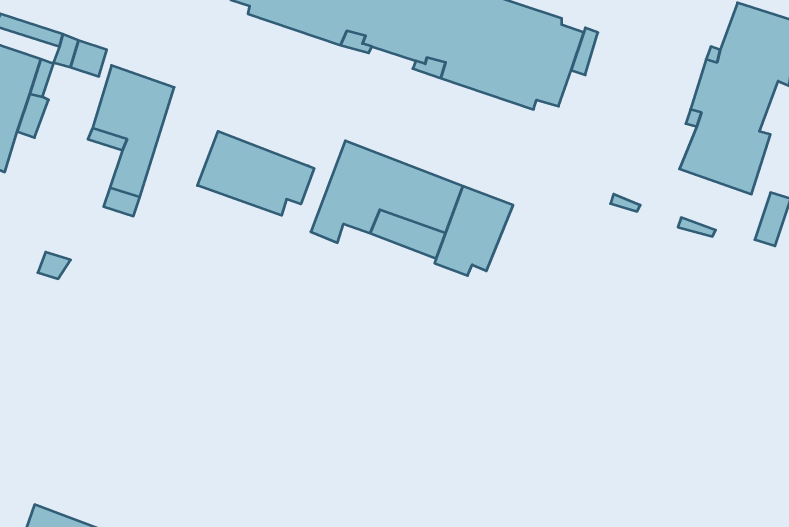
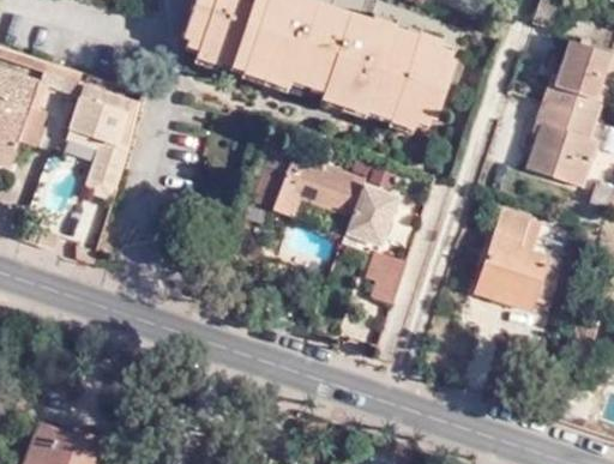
building: [197,131,314,215] -> none
building: none -> [476,207,562,311]
building: none -> [365,252,405,305]

